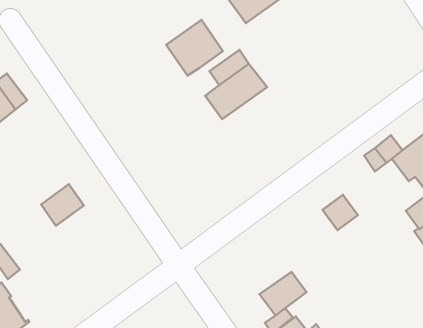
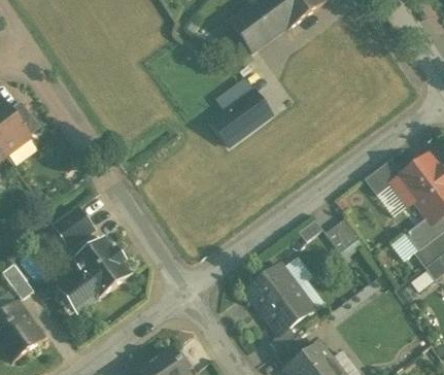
building: [166,20,223,75] -> none
building: none -> [66,237,130,308]
building: none -> [246,263,300,312]

